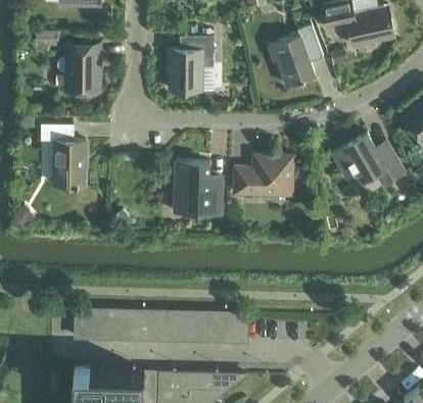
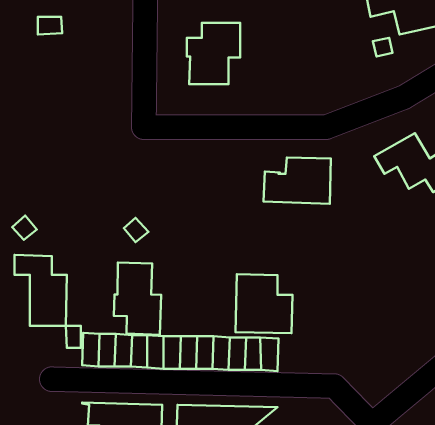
building: [267,26,323,87] -> none
building: [57,44,100,92] -> none
building: [40,124,86,187] -> [15,255,67,326]
building: [173,162,223,214] -> [236,274,293,333]
building: none -> [114,262,161,335]

